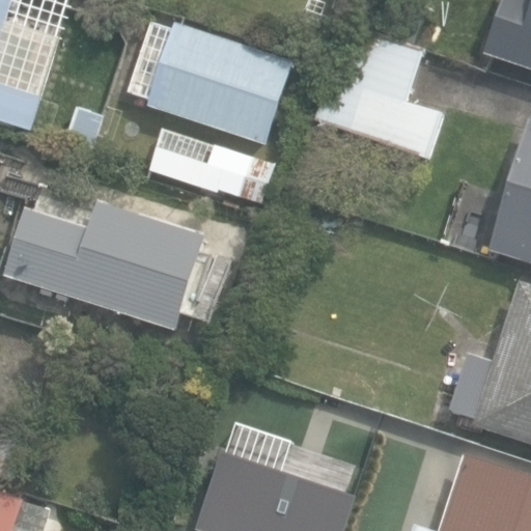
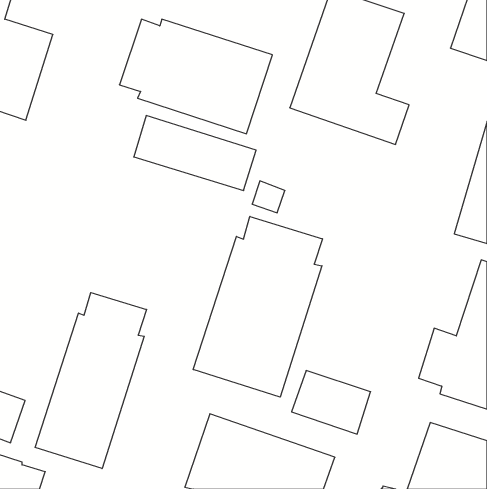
building: [7,183,206,333] -> none
building: none -> [193,216,322,397]
building: none -> [35,293,147,469]

